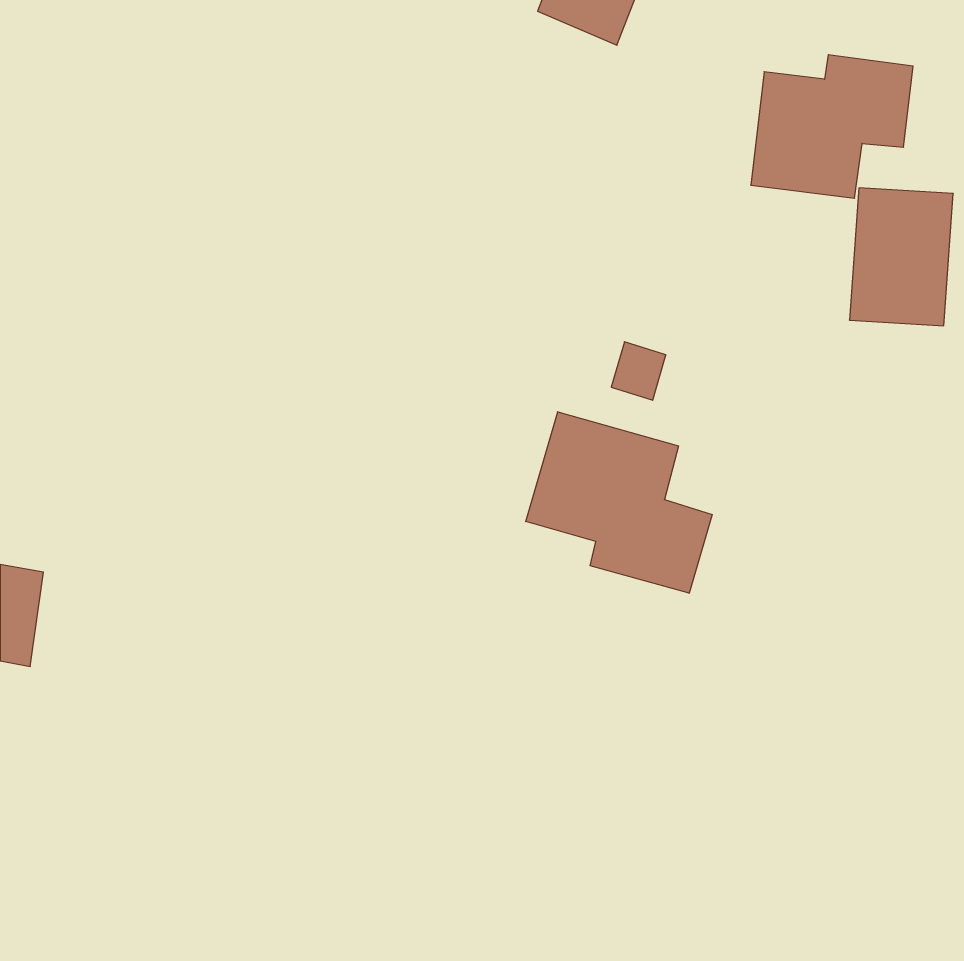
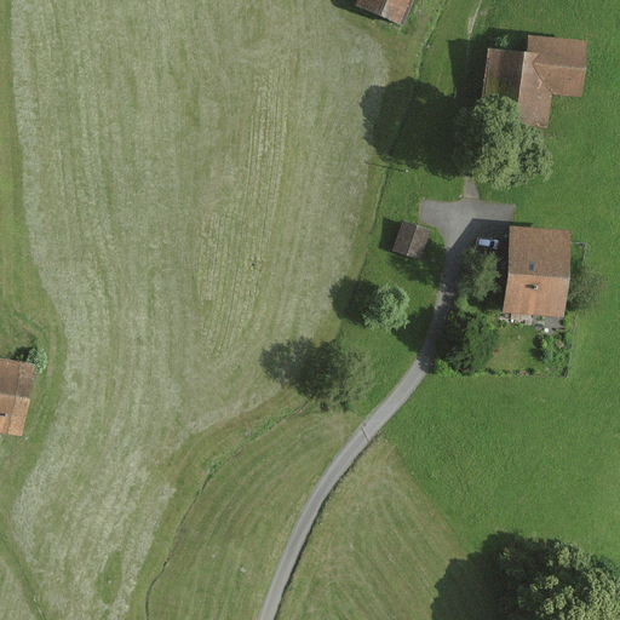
building: [849,188,953,326] -> [505,225,572,314]
building: [526,412,712,593] -> none

